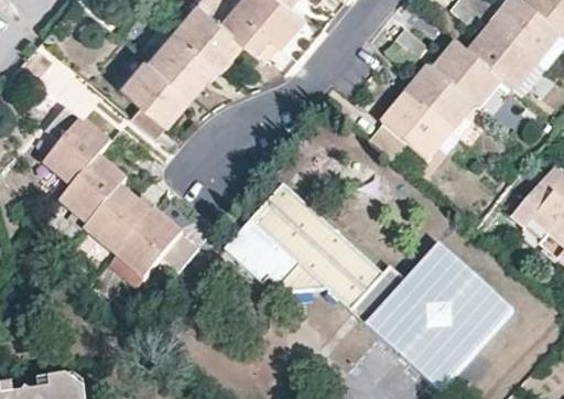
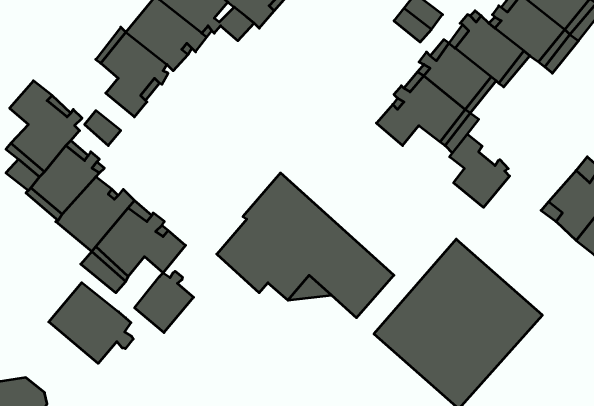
building: none -> [450,134,510,207]
building: none -> [135,271,194,333]
building: none -> [49,283,133,363]

